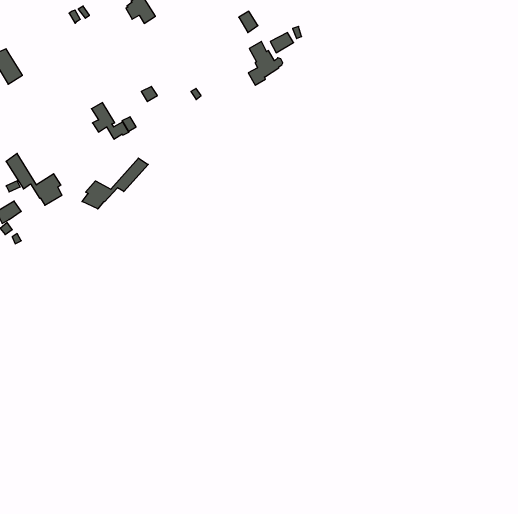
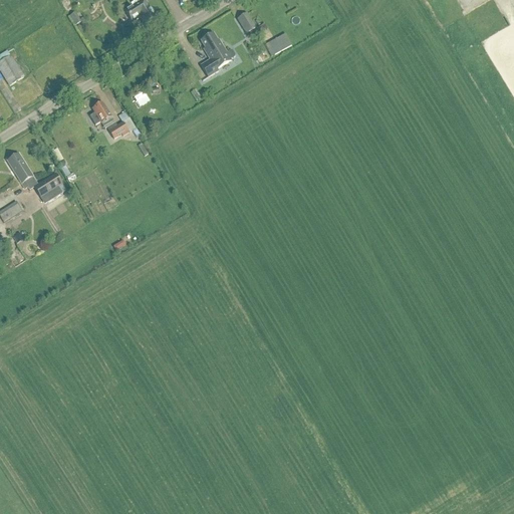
building: [248,41,283,85] -> [199,32,233,75]
building: [82,158,148,209] -> none

